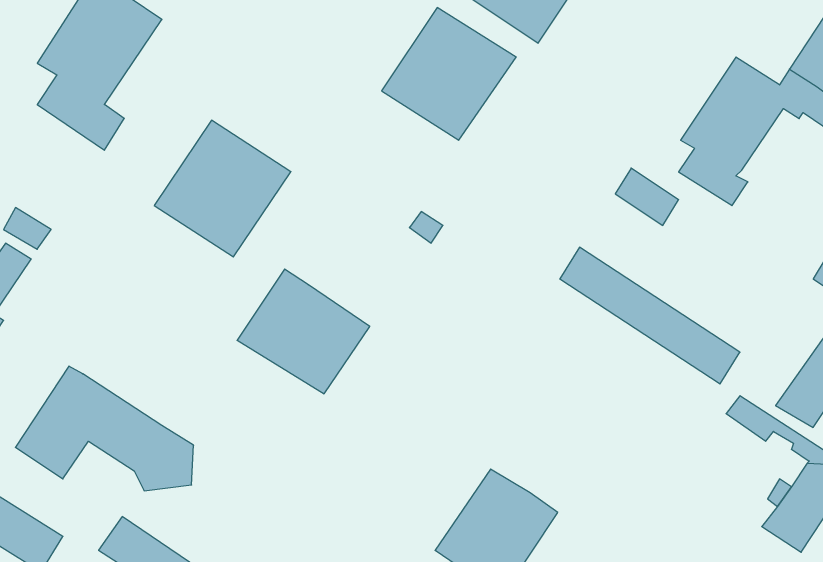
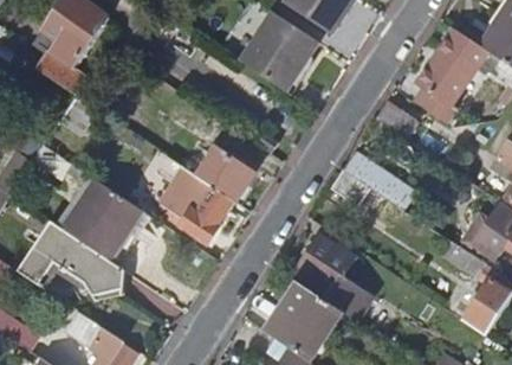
building: [154,120,291,257] -> [59,177,141,258]
building: none -> [194,146,251,199]
building: none -> [299,238,372,321]

